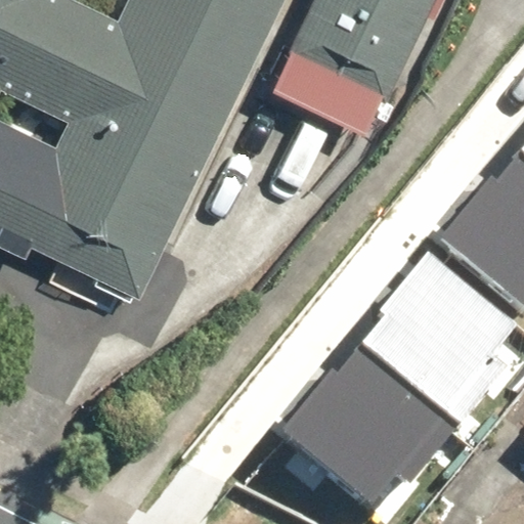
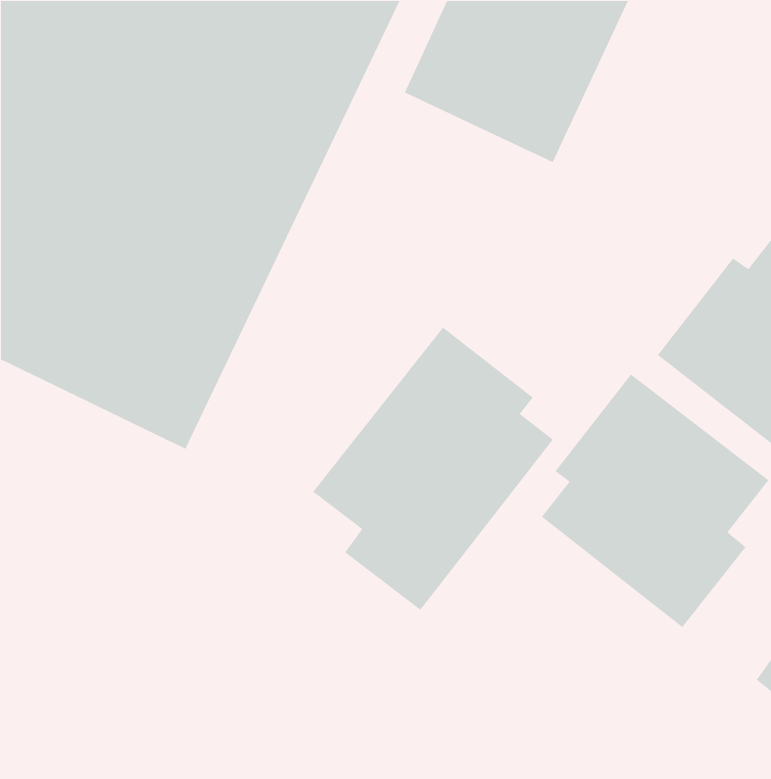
building: none -> [312,326,554,611]
building: [282,353,458,508] -> none

